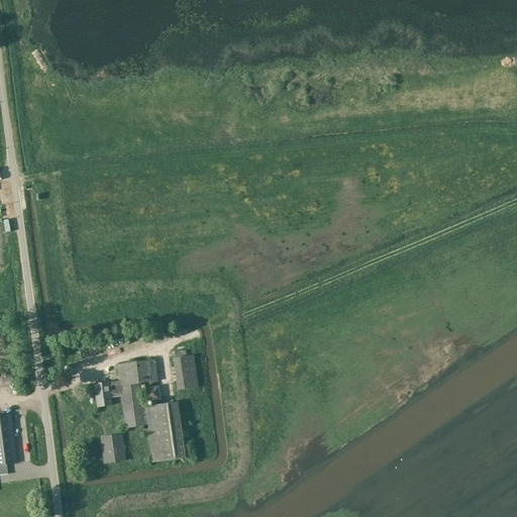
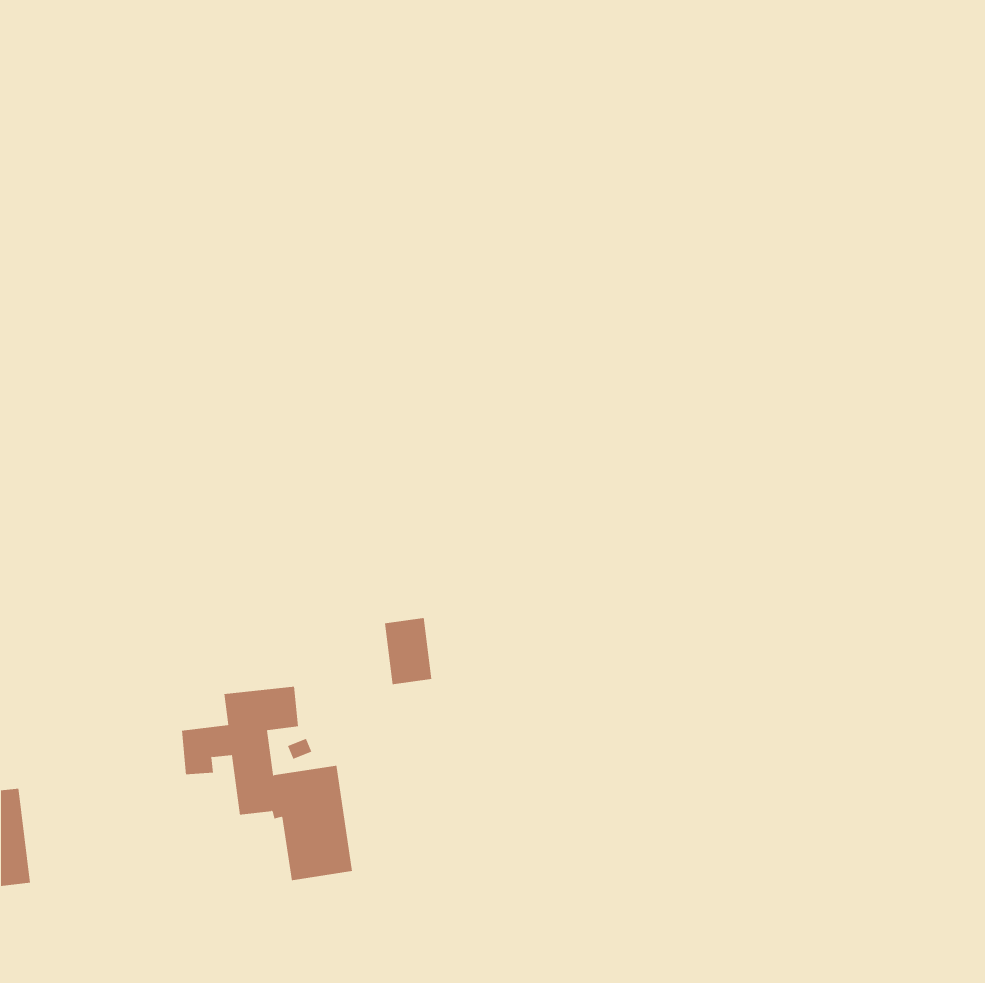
building: [173,355,198,391] -> [384,618,432,685]
building: [102,434,125,461] -> none

